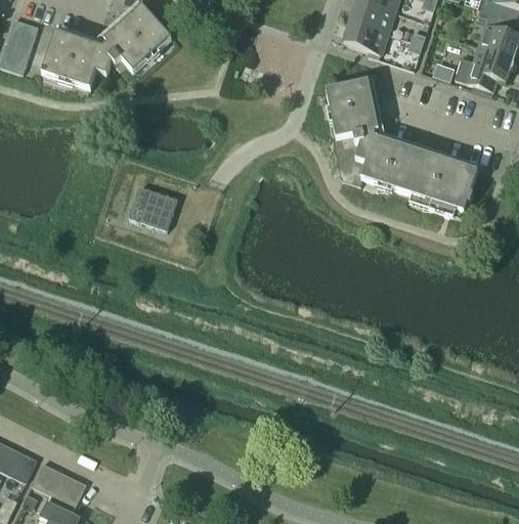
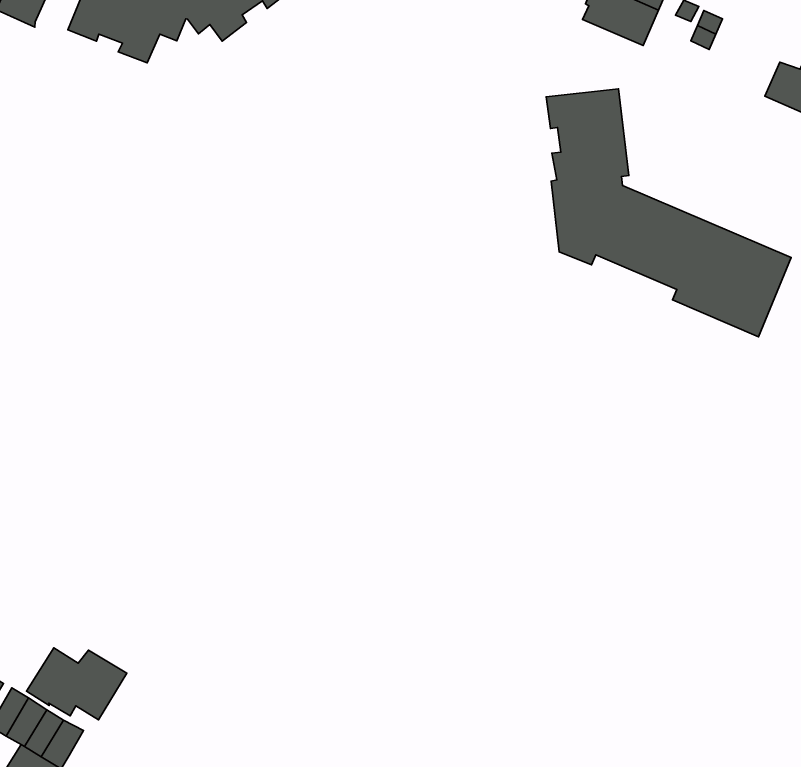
building: [129,184,178,228] -> none
building: none -> [26,648,127,720]

